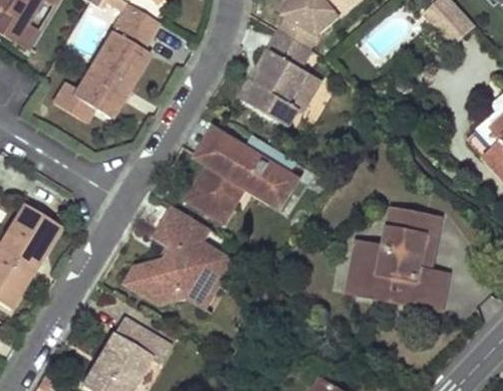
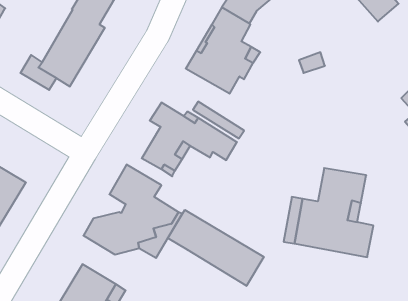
building: none -> [168,210,264,286]

